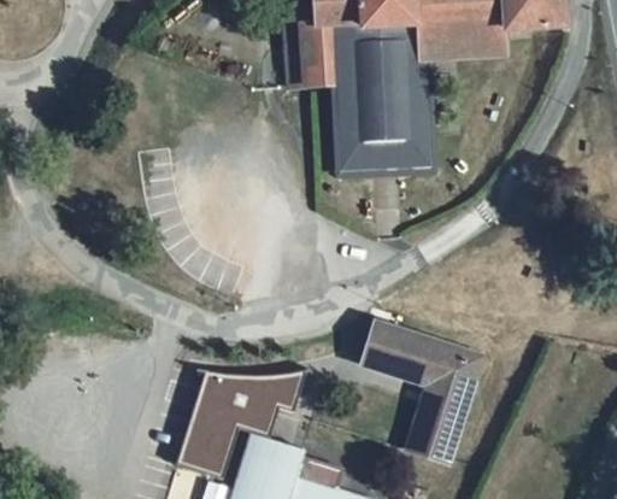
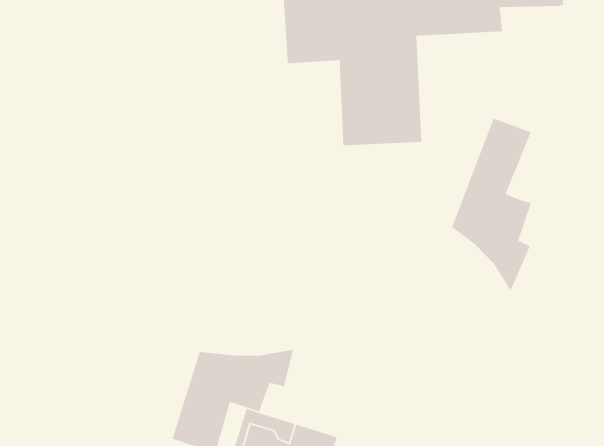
building: none -> [451,118,532,292]
building: [366,318,486,462] -> none

